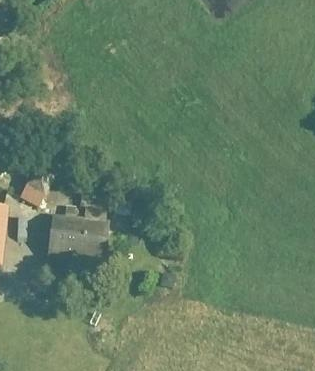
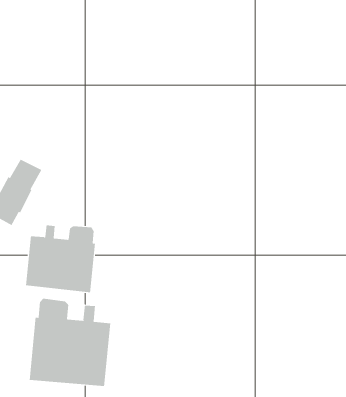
building: none -> [29,298,111,387]

